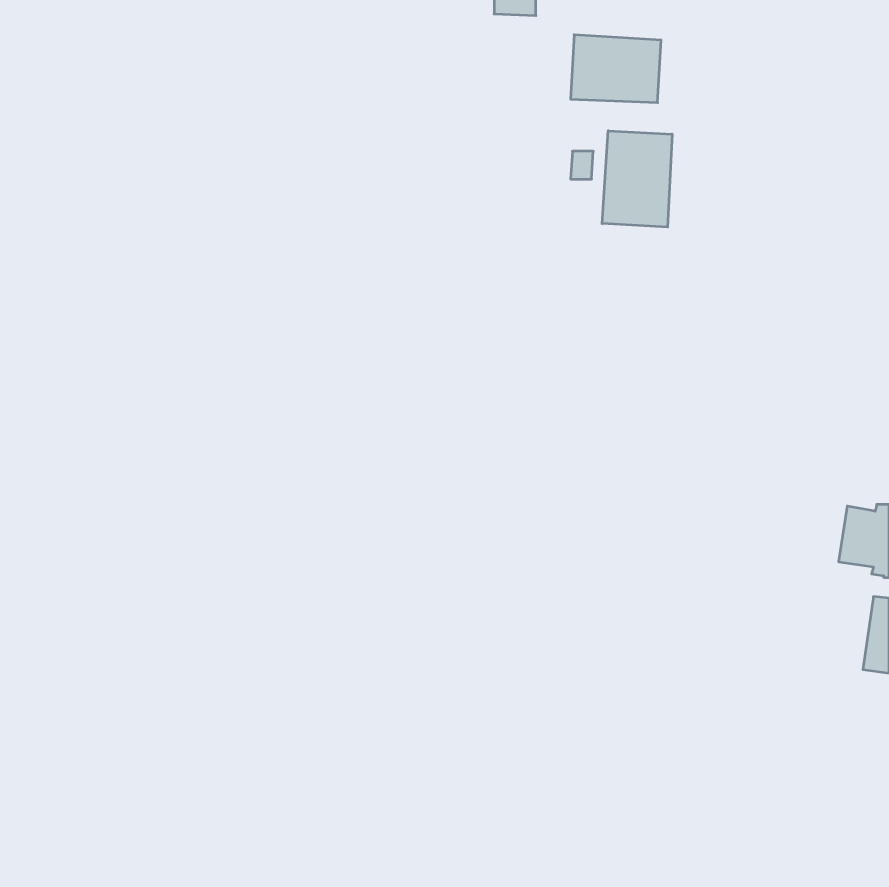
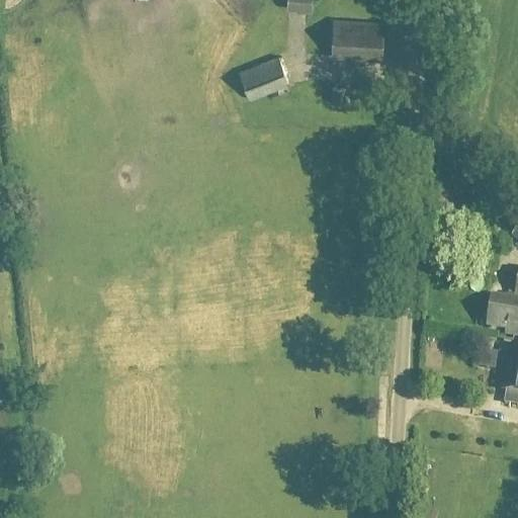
building: none -> [240,58,290,99]
building: [602,131,672,227] -> none

